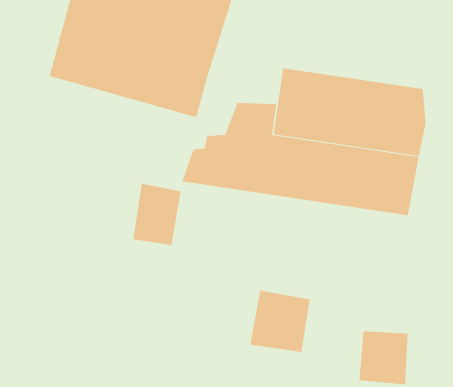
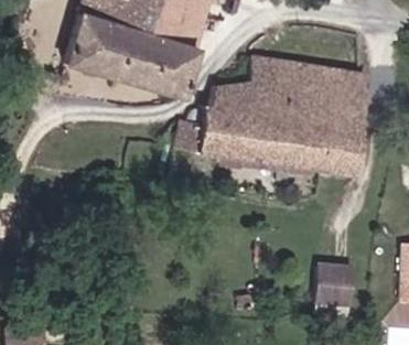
building: [133,183,181,246] -> none
building: [250,290,310,353] -> none

